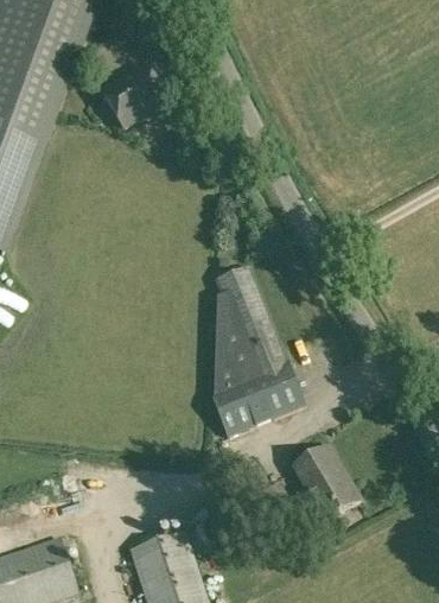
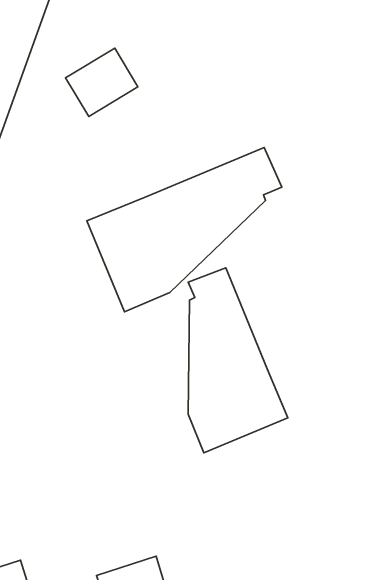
building: none -> [87,148,282,312]
building: [290,446,358,522] -> none

